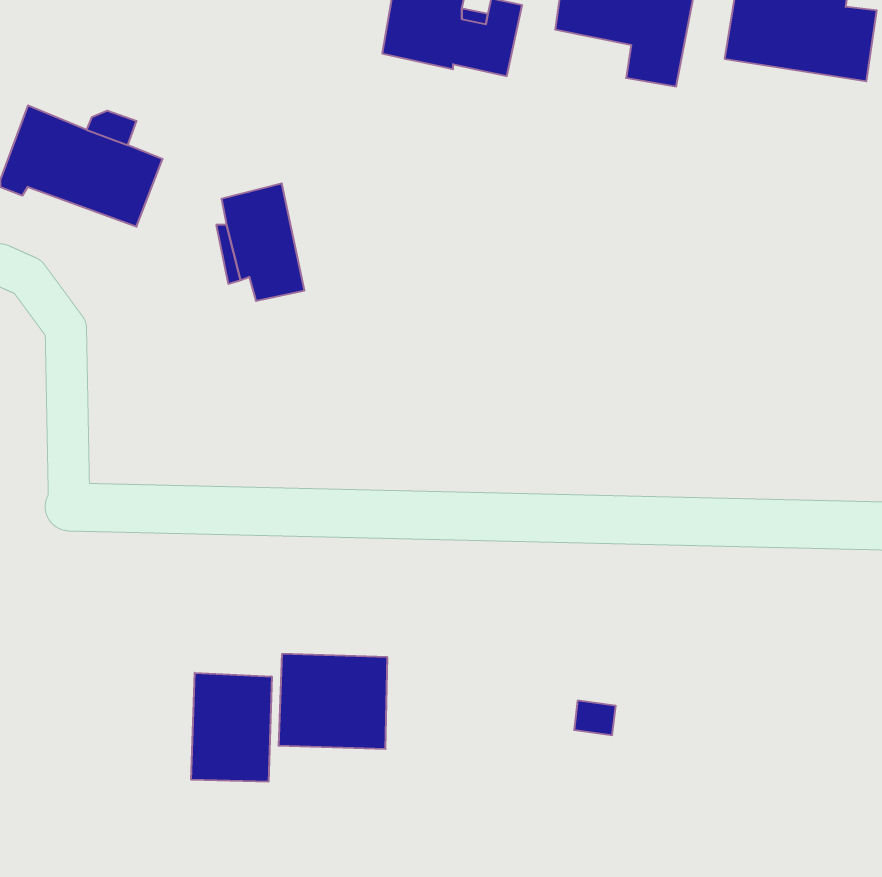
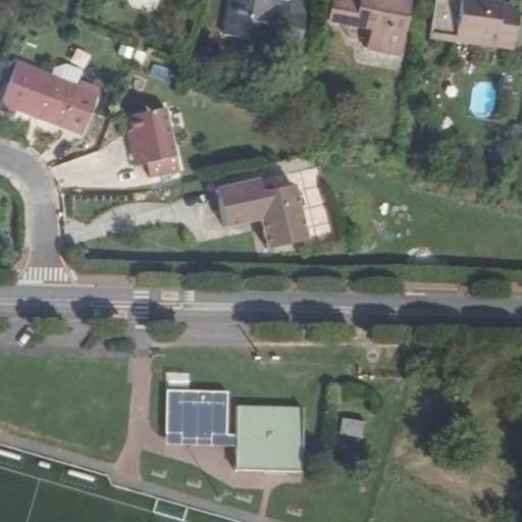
building: none -> [217,179,308,249]
building: none -> [238,395,313,468]
building: [191,673,272,782] -> none

